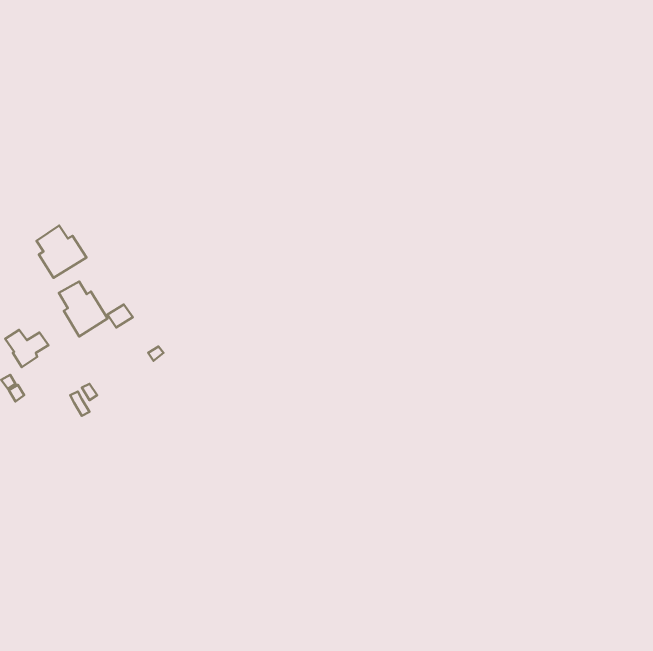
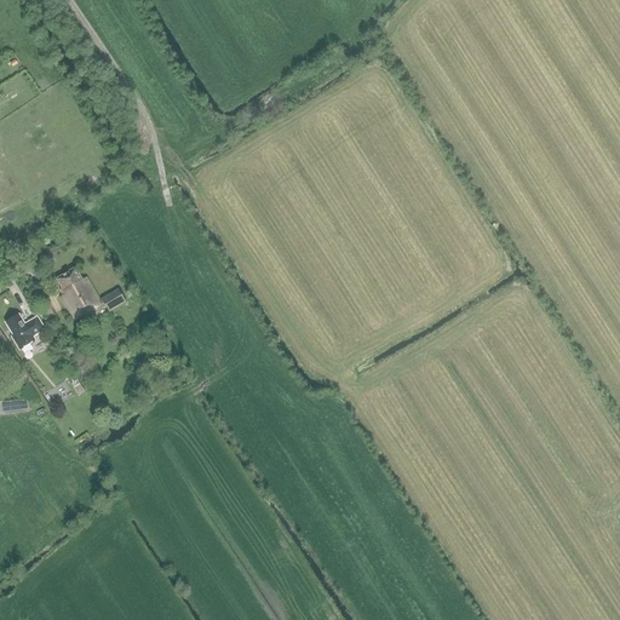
building: [36,226,87,278] -> none

